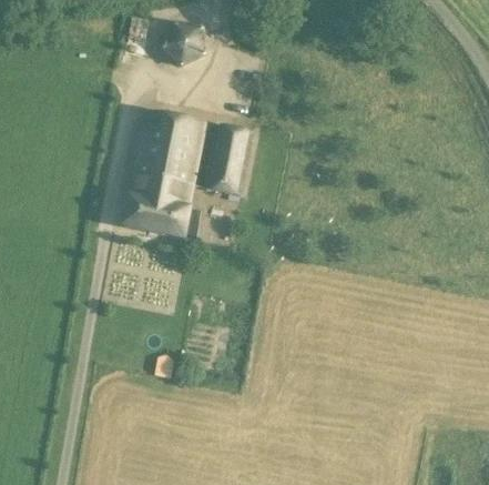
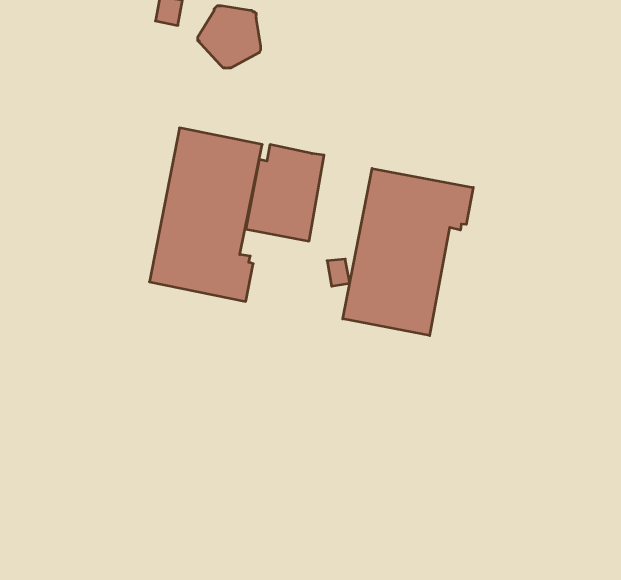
building: none -> [343,168,473,336]

